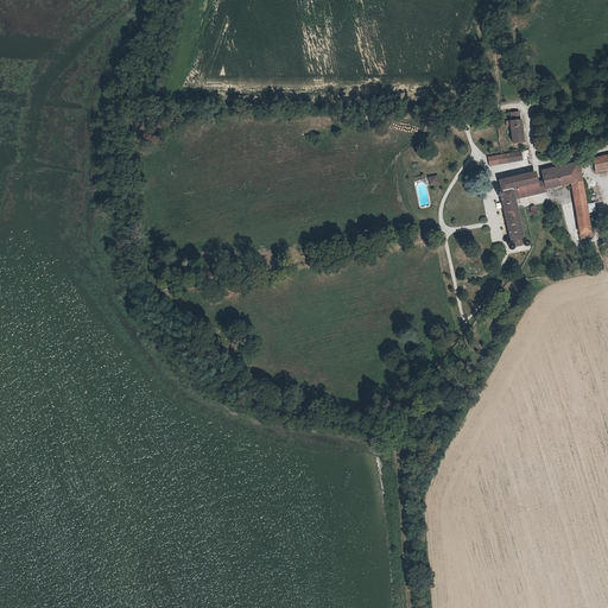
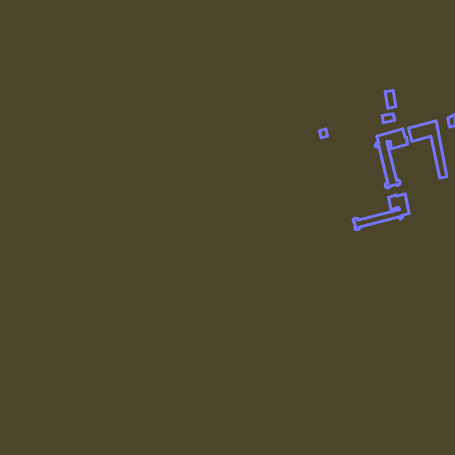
building: none -> [353,194,409,230]

